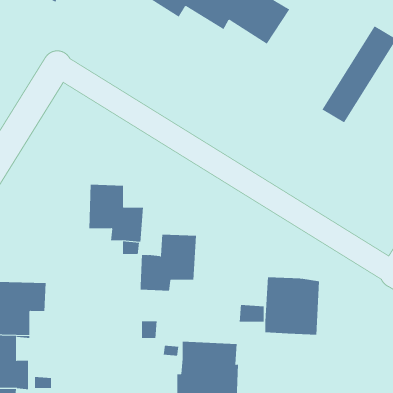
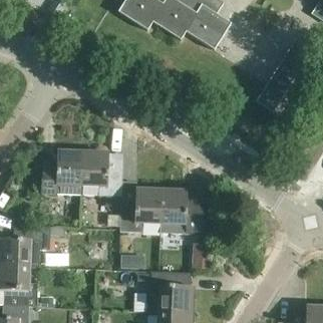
building: none -> [40,151,82,194]
building: [264,277,320,335] -> [159,191,201,234]

